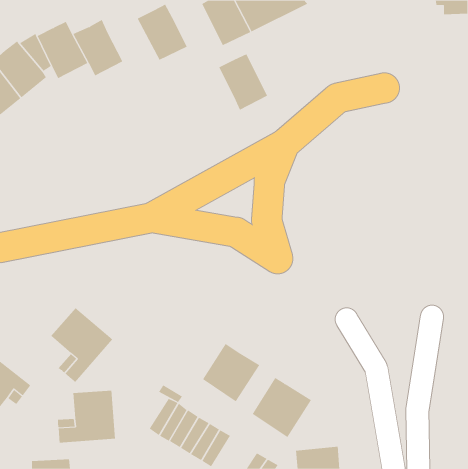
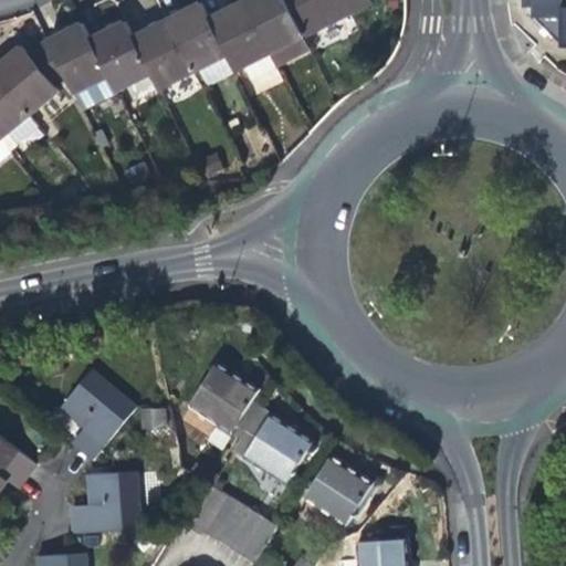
building: none -> [130,22,191,91]
building: [218,53,268,110] -> [208,4,268,73]
building: none -> [188,361,259,433]

